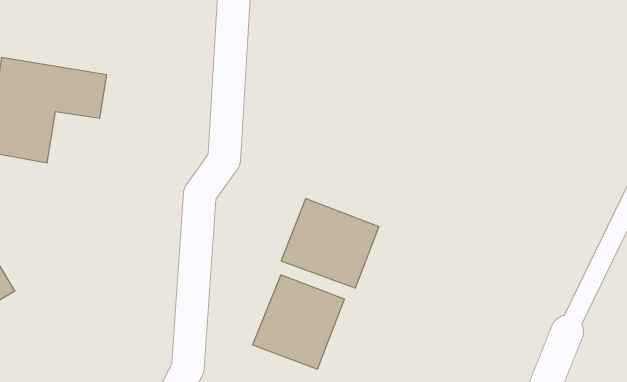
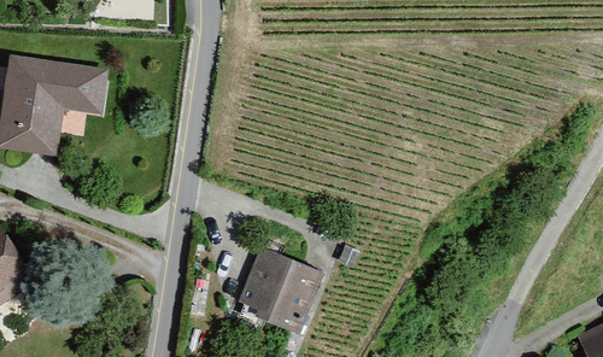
building: [281,198,379,288] -> none

